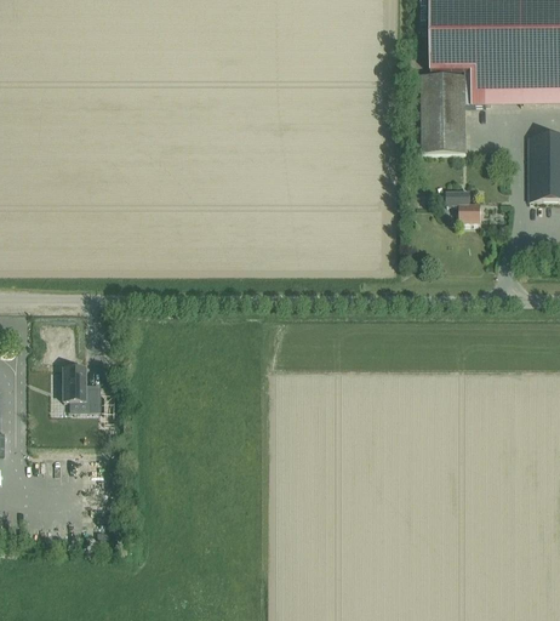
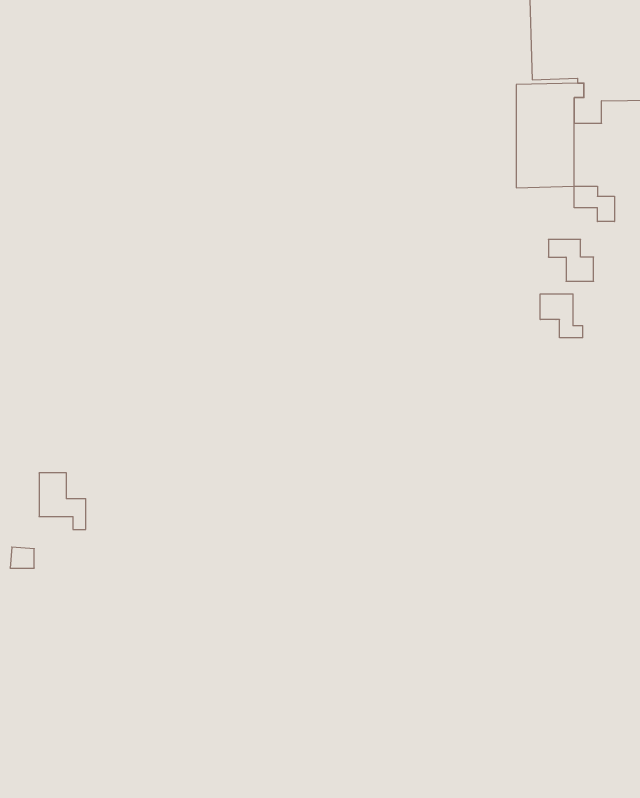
building: none -> [574,186,614,222]
building: none -> [540,294,583,338]

